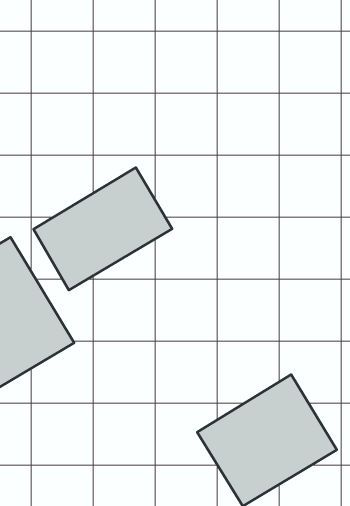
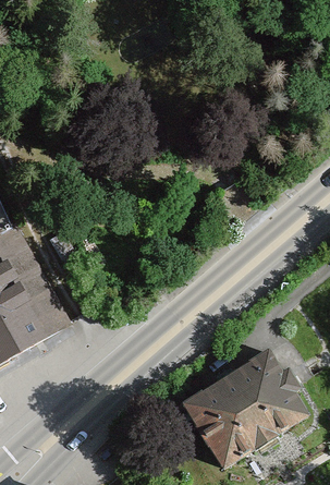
building: [33,168,172,290] -> none

